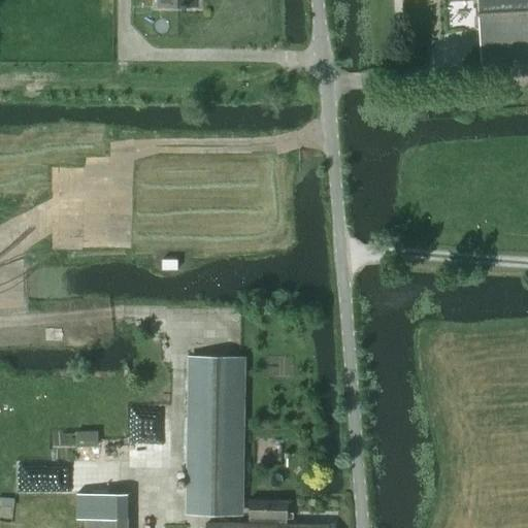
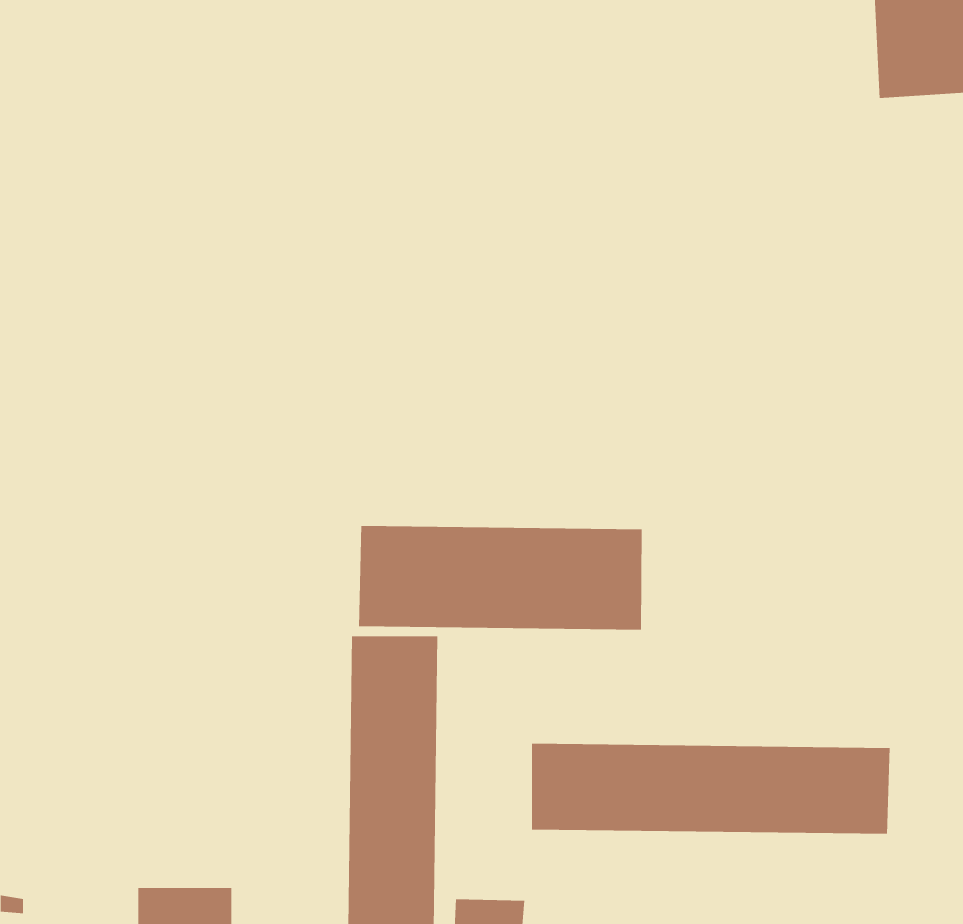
building: none -> [359,525,642,631]
building: none -> [531,743,890,835]

